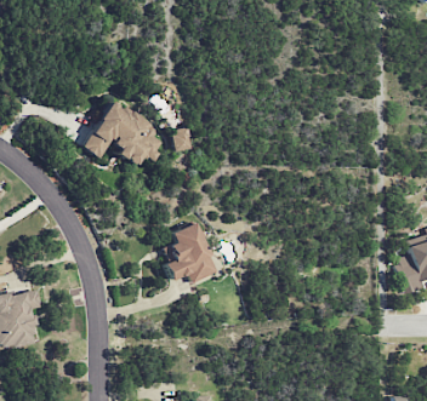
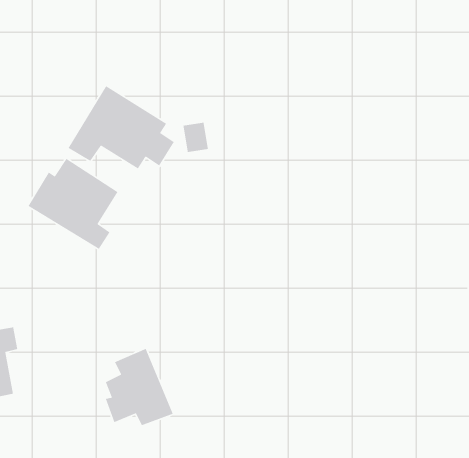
building: none -> [27,158,119,250]
building: [164,222,218,283] -> [105,348,174,426]

